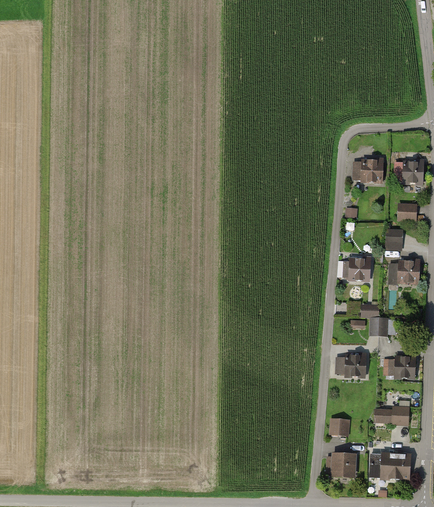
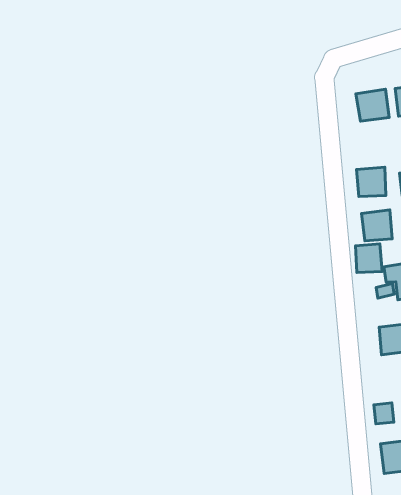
building: none -> [356,167,386,197]
building: none -> [356,244,382,273]

